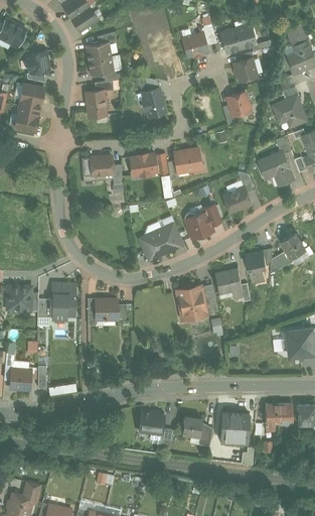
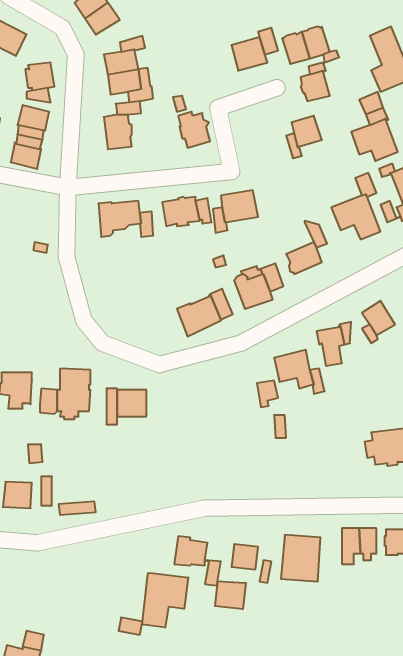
building: [175,287,204,317] -> none
building: none -> [142,573,188,628]
building: none -> [215,581,246,609]

